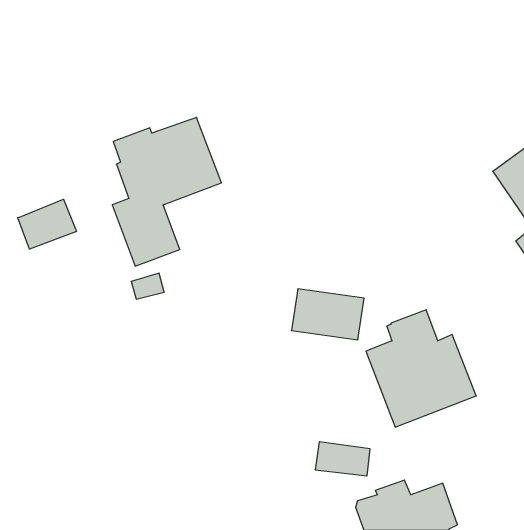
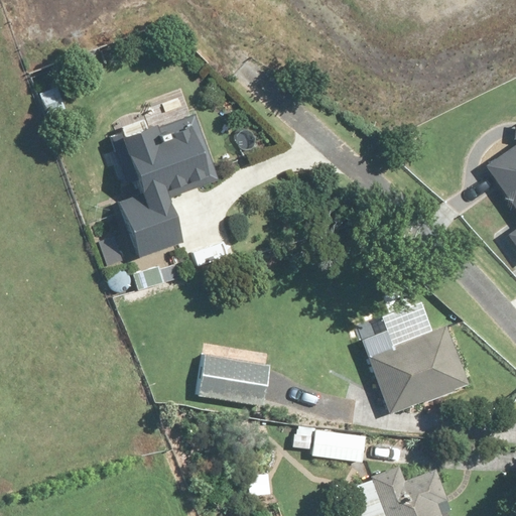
building: [18,199,76,249] -> none
building: [291,289,364,340] -> [199,355,269,404]

